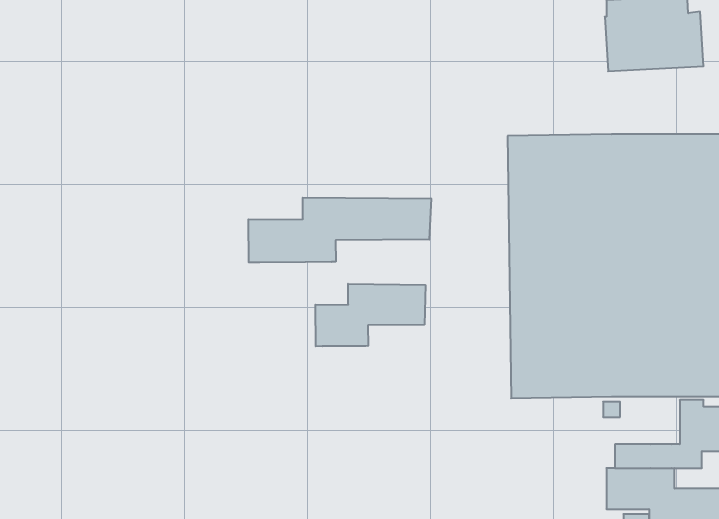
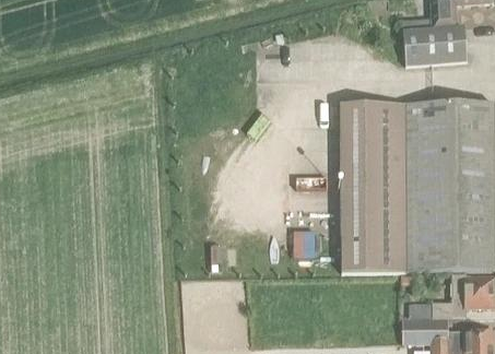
building: [248,198,431,262] -> none
building: [315,284,425,346] -> none

